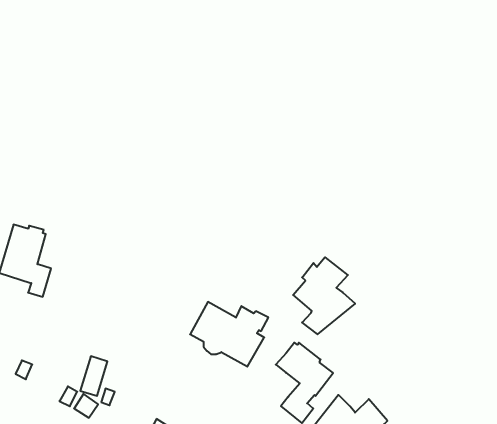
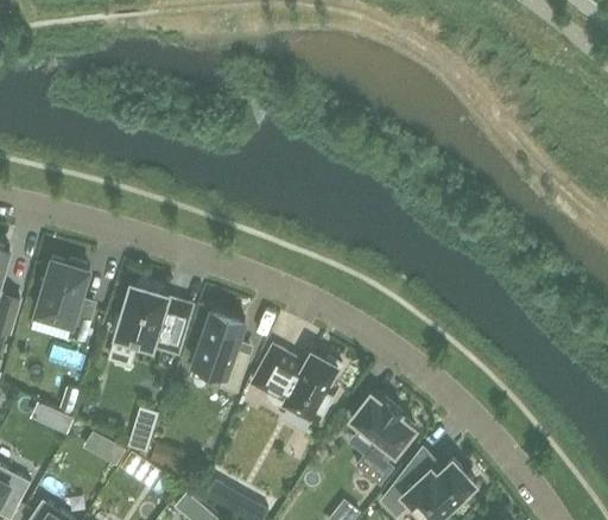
building: none -> [110,281,188,355]
building: [293,257,355,334] -> none
building: none -> [192,310,251,394]

